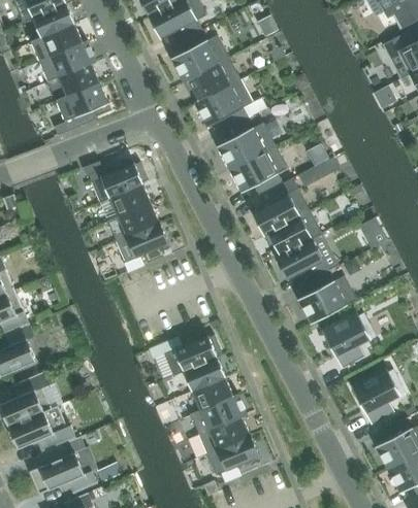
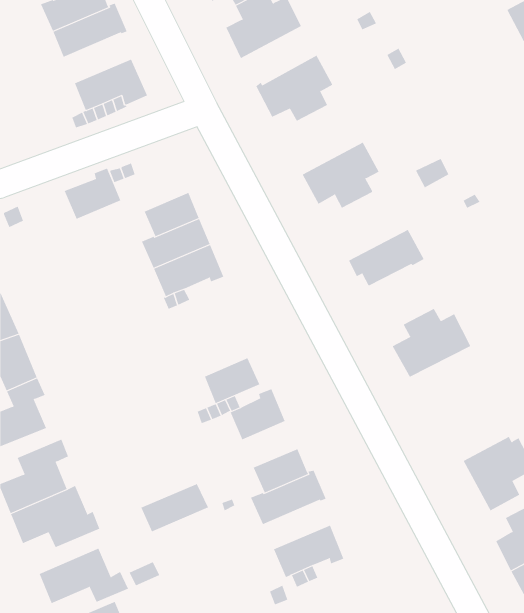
building: [183,58,240,102] -> none
building: [49,63,100,101] -> none
building: [217,117,276,170] -> none
building: [100,159,143,198] -> [64,168,121,220]
building: [252,177,310,235] -> none
building: [275,238,329,283] -> none
building: [322,312,376,368] -> none
building: [184,357,226,392] -> [204,357,260,404]
building: [199,416,251,453] -> [141,483,209,532]

